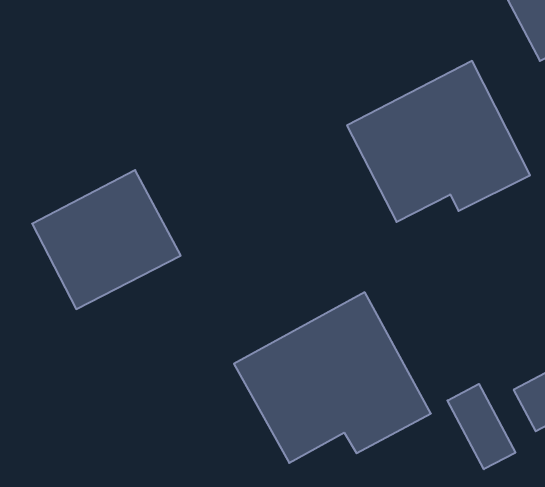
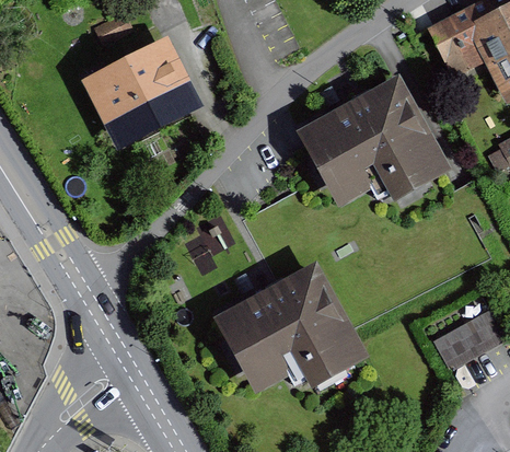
building: [32,170,181,309] -> [82,39,200,150]
building: [447,384,515,469] -> none

